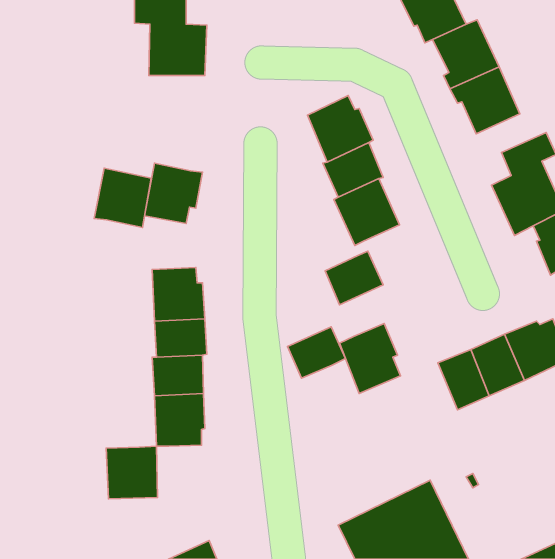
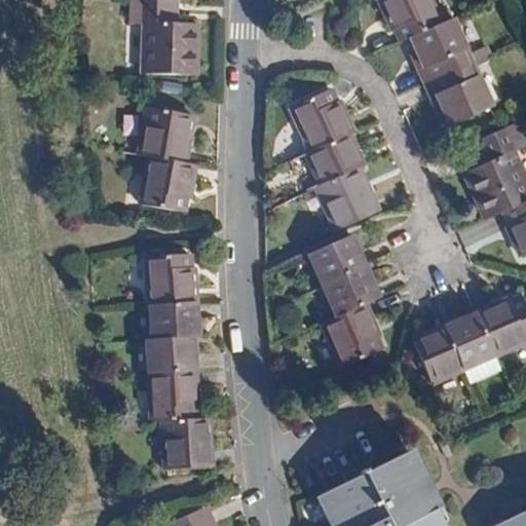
building: [94,168,151,227] -> [138,105,191,160]
building: [287,327,345,378] -> [323,267,377,315]
building: [106,446,158,499] -> [162,416,211,465]

